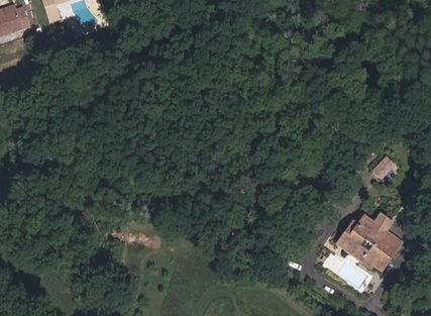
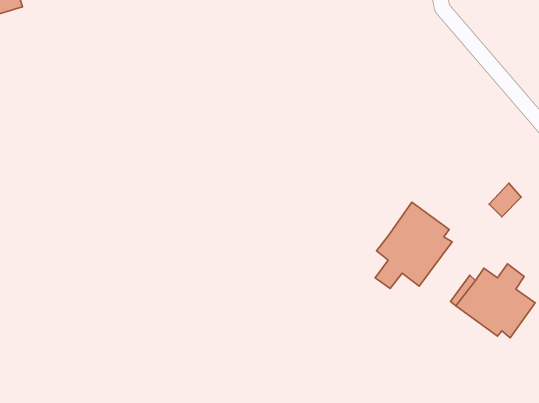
building: none -> [375,202,452,289]

